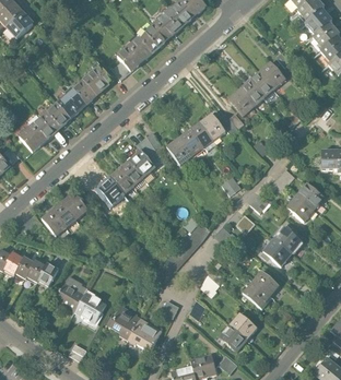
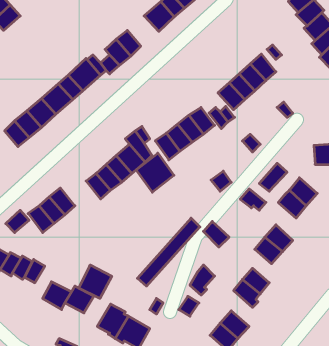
building: [139,24,169,54] -> none
building: none -> [136,153,174,192]
building: none -> [79,265,112,298]

